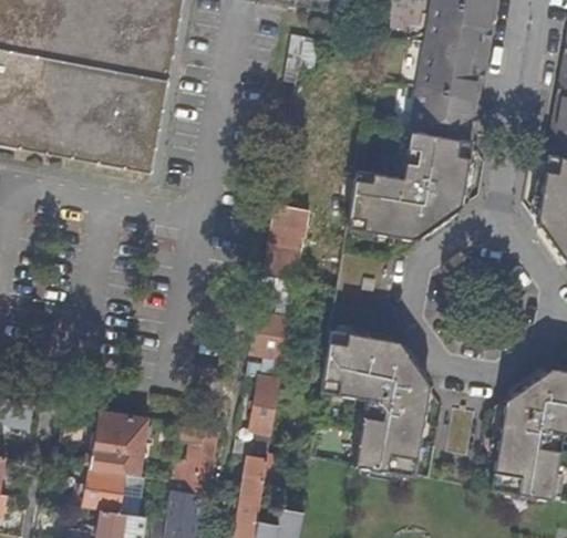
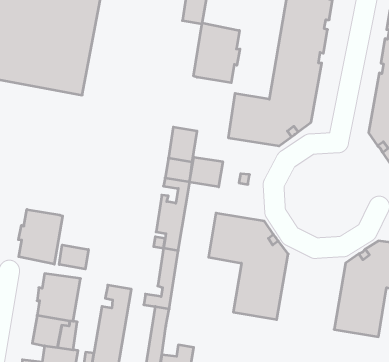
building: none -> [194,23,240,83]
building: none -> [190,157,223,187]
building: none -> [18,209,63,264]
building: none -> [59,245,88,269]

